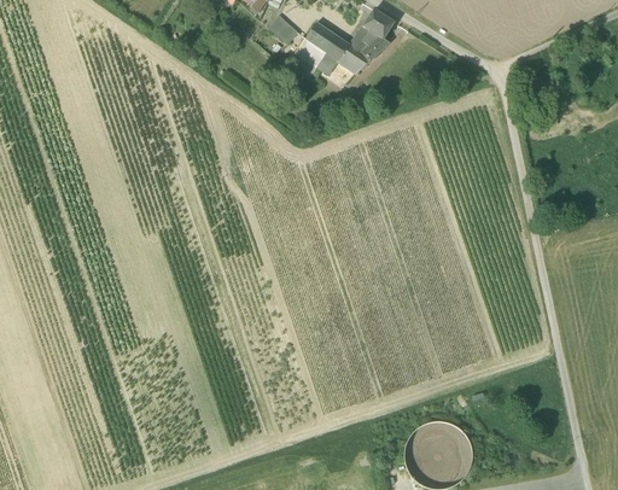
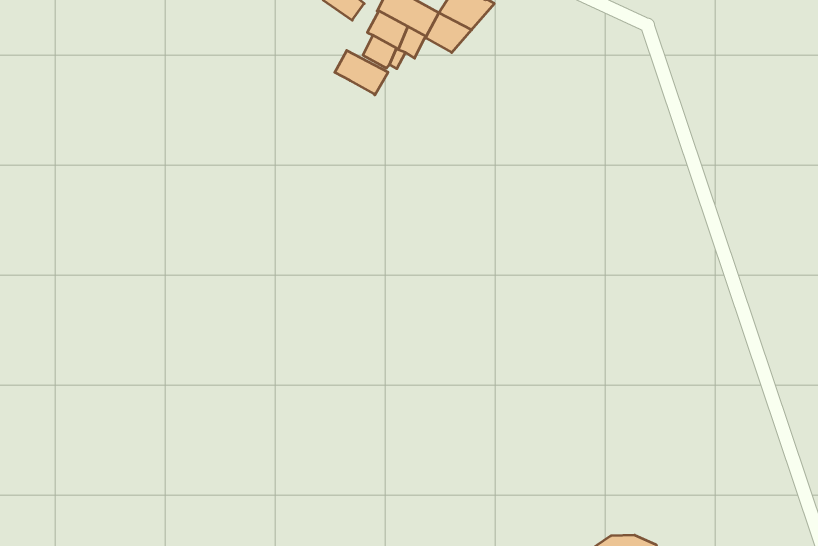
building: none -> [335,50,388,95]

